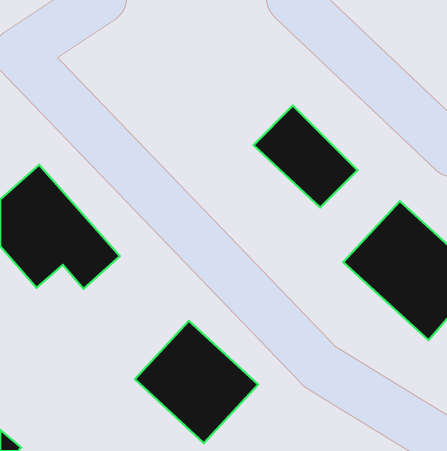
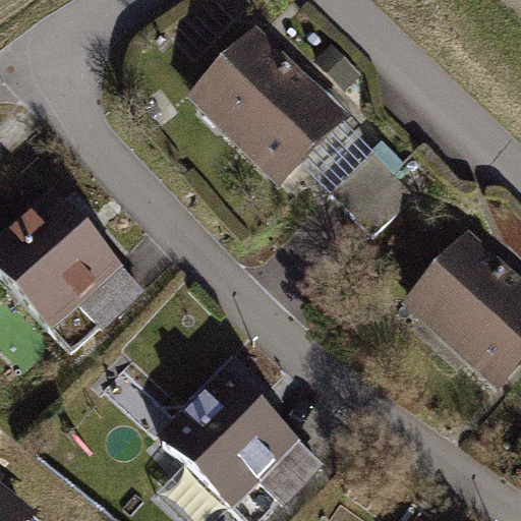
building: none -> [186,23,349,186]

